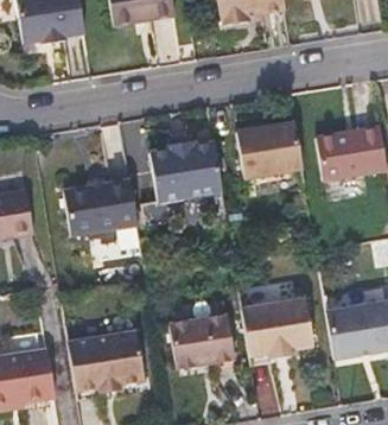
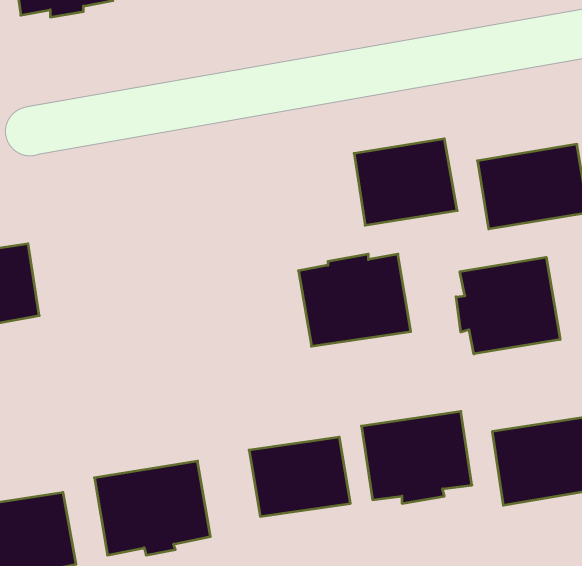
building: [151,140,223,199] -> [298,254,411,346]
building: [65,178,139,234] -> none
building: none -> [456,257,560,354]

